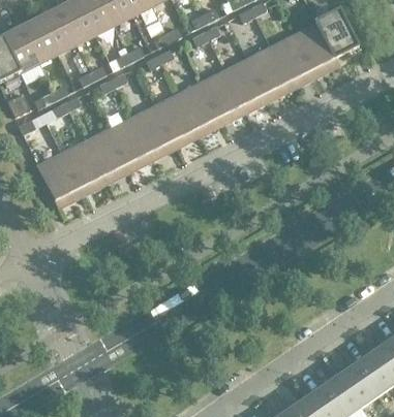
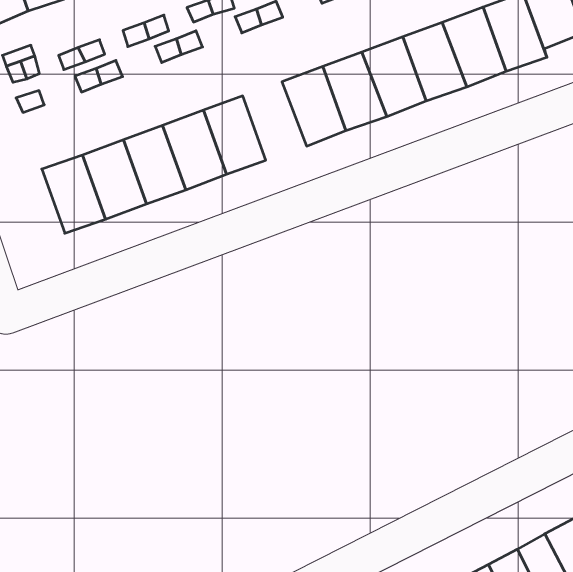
building: [156,95,199,143] -> none

